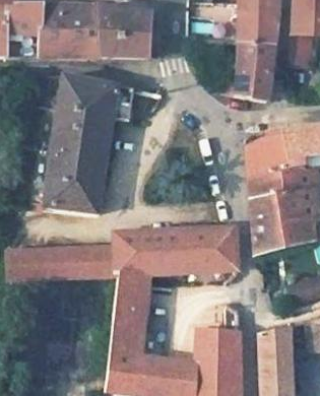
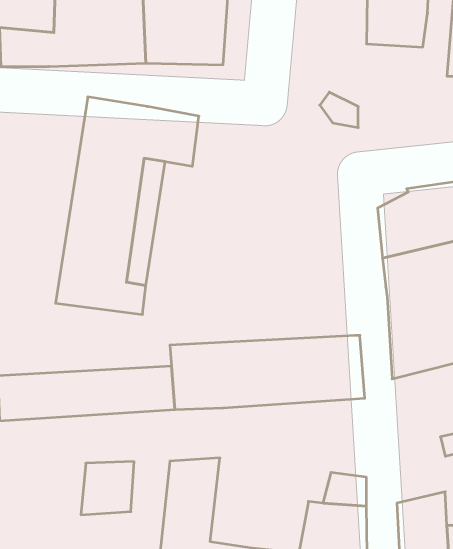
building: [238,43,275,101] -> none
building: [116,272,149,306] -> [81,462,134,515]

